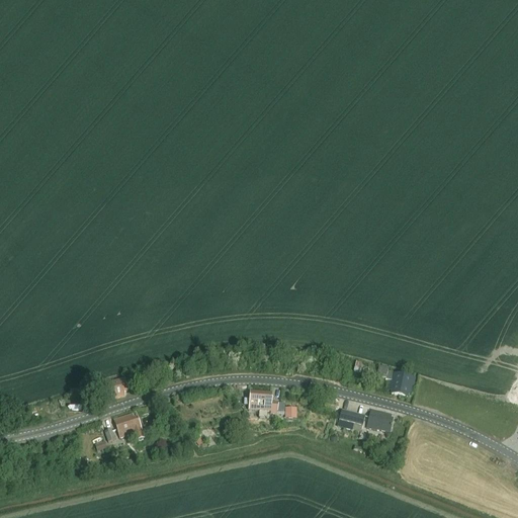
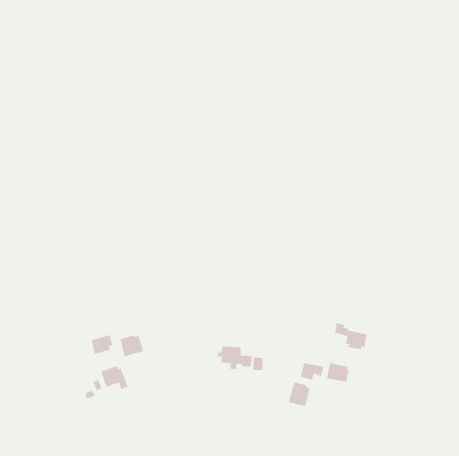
building: none -> [120,335,144,357]
building: none -> [288,382,310,407]

